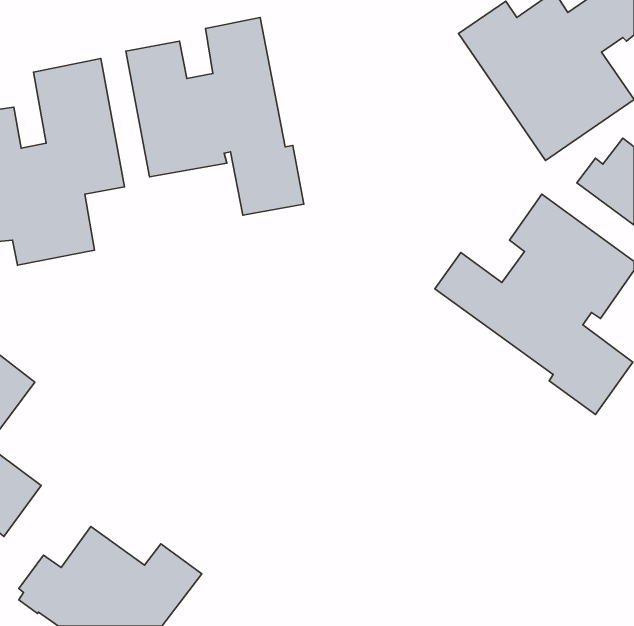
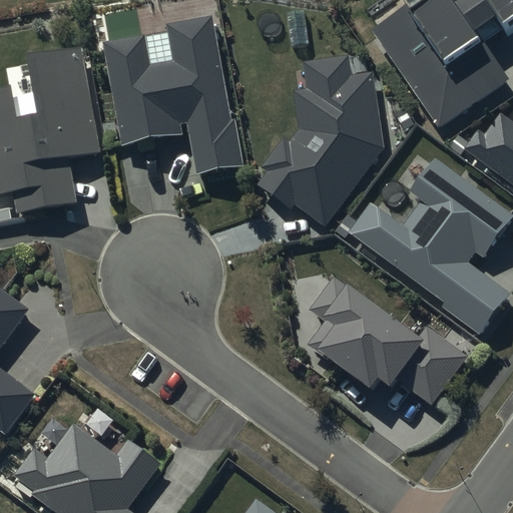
building: none -> [256,52,384,224]
building: none -> [307,276,466,402]

